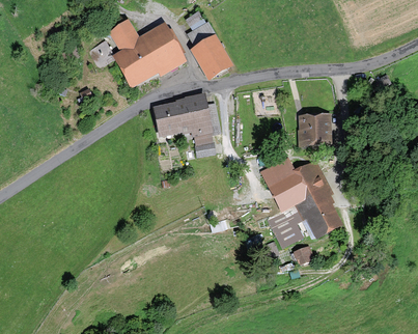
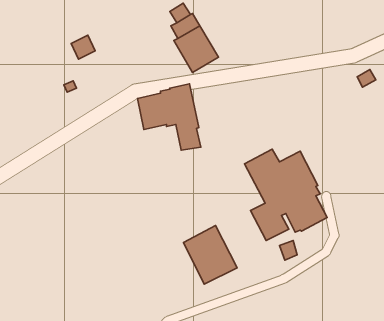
building: [109,19,188,88] -> none
building: [298,113,333,146] -> none
building: none -> [184,225,237,284]

